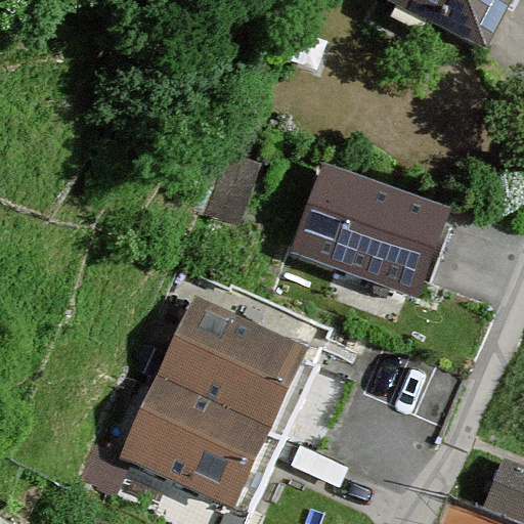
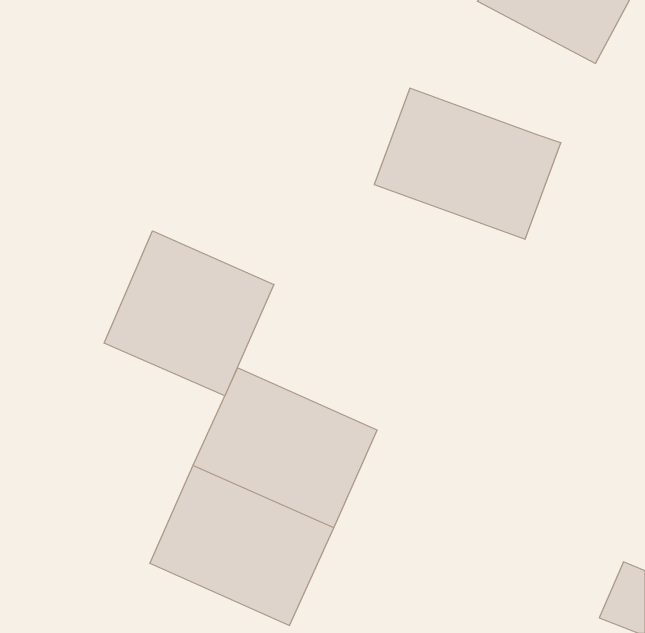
building: [302,173,452,295] -> [374,88,561,239]
building: none -> [104,231,274,396]

